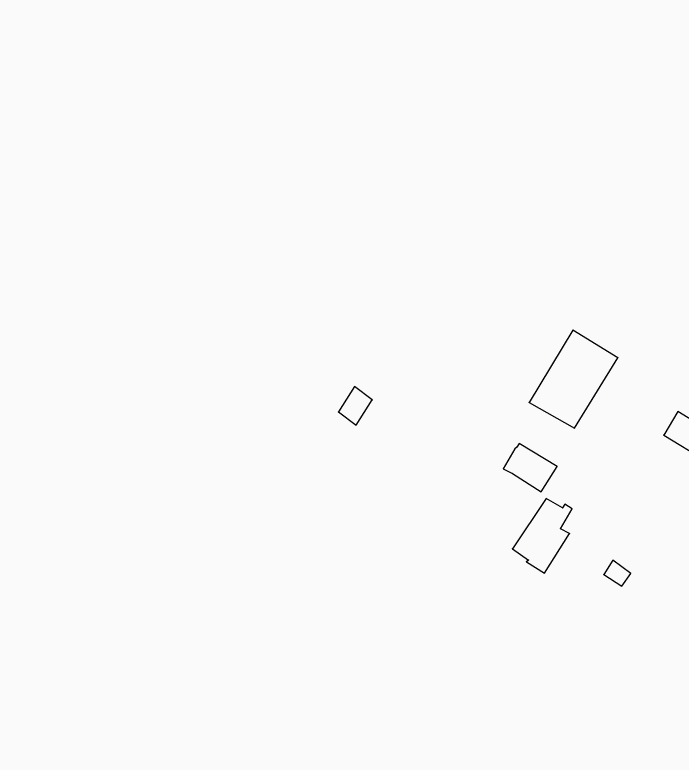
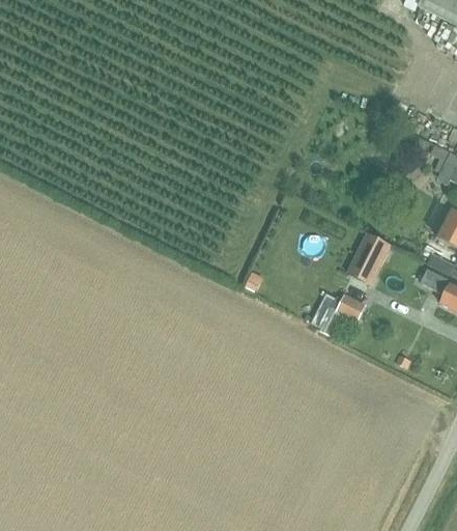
building: [512,499,572,573] -> [311,292,341,333]

